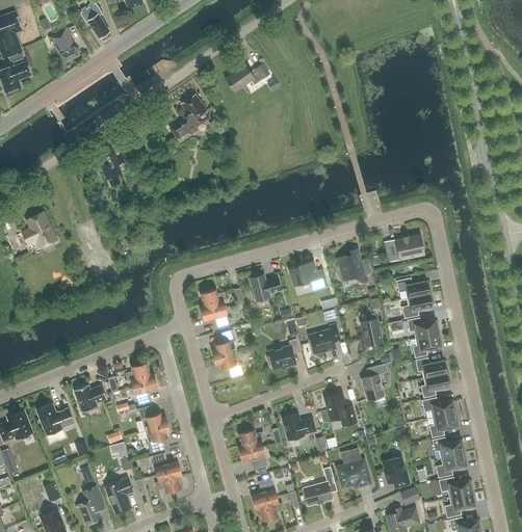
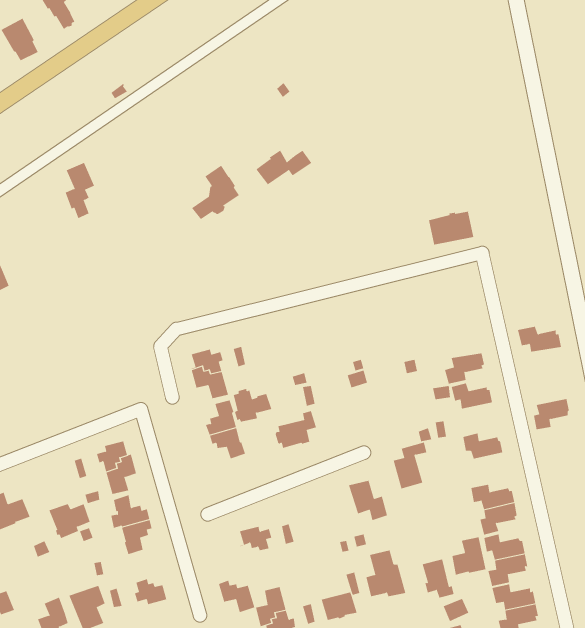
building: [225,63,269,91] -> [256,150,312,185]
building: [171,95,209,138] -> [191,165,240,220]
building: [386,234,422,261] -> [428,211,474,245]
building: [337,248,370,281] -> none
building: [289,261,328,291] -> none
building: [250,273,281,300] -> [233,388,272,422]
building: [395,276,430,297] -> [517,326,562,352]
building: [361,313,381,345] -> none
building: [308,324,339,352] -> none
building: [412,332,441,357] -> [533,398,570,430]
building: [420,372,450,397] -> none
building: [73,384,106,413] -> [49,503,91,539]
building: [282,414,315,441] -> none
building: none -> [452,537,486,575]
building: [238,444,267,470] -> [218,580,255,613]
building: [151,453,181,478] -> none

